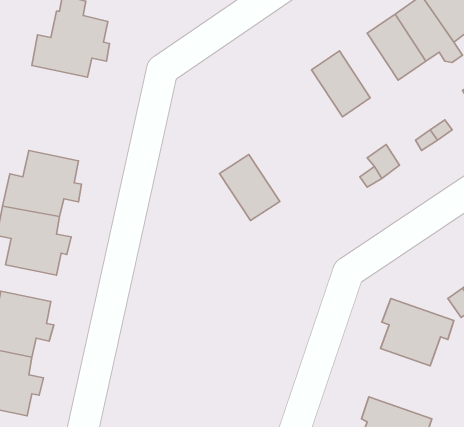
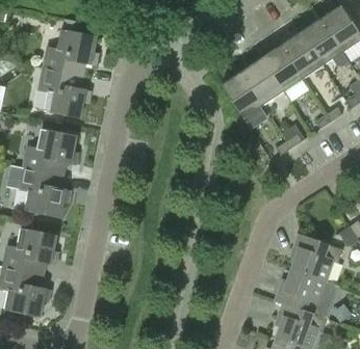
building: none -> [261,46,303,91]
building: none -> [38,69,91,117]
building: [220,154,280,220] -> [221,72,263,118]
building: none -> [274,269,338,319]

